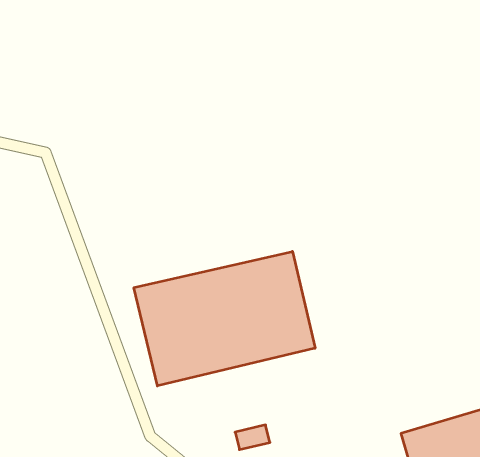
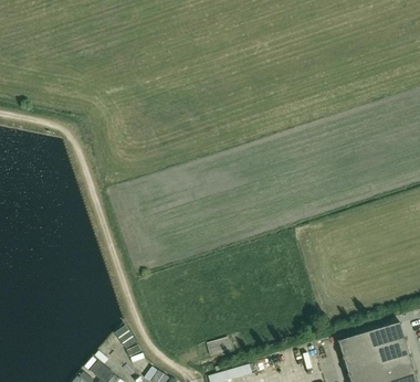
building: [134,251,315,386] -> none

